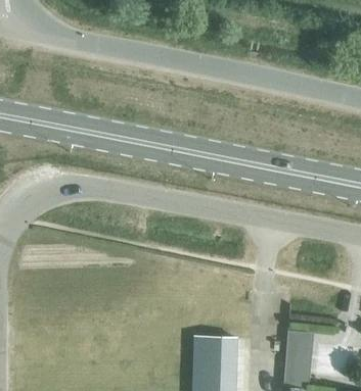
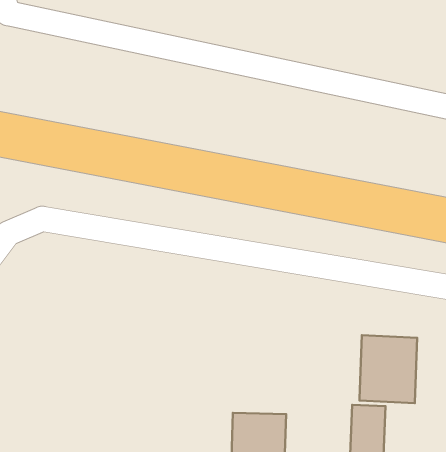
building: none -> [359,335,417,403]

